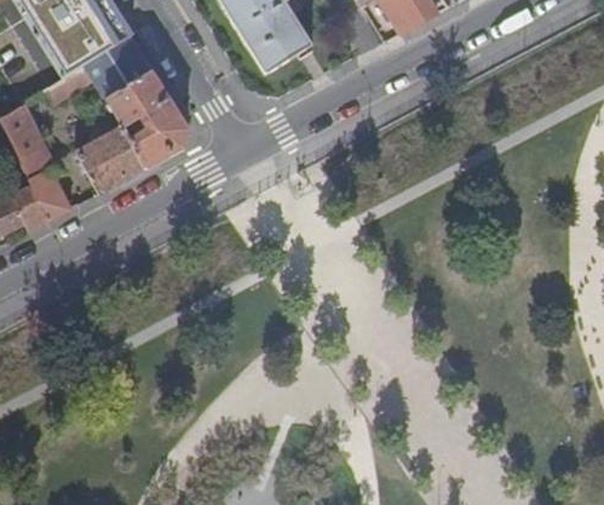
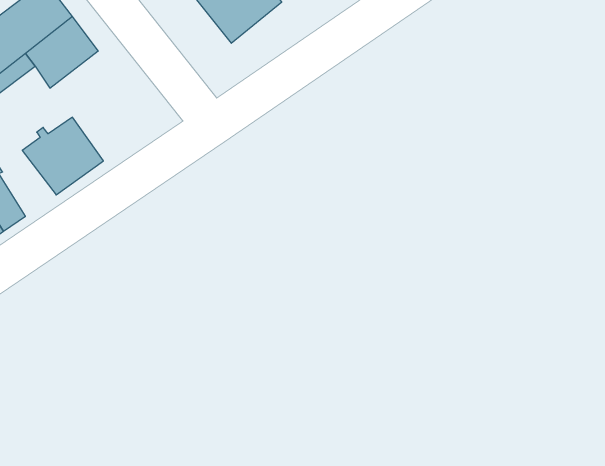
building: [104,70,189,167] -> none

